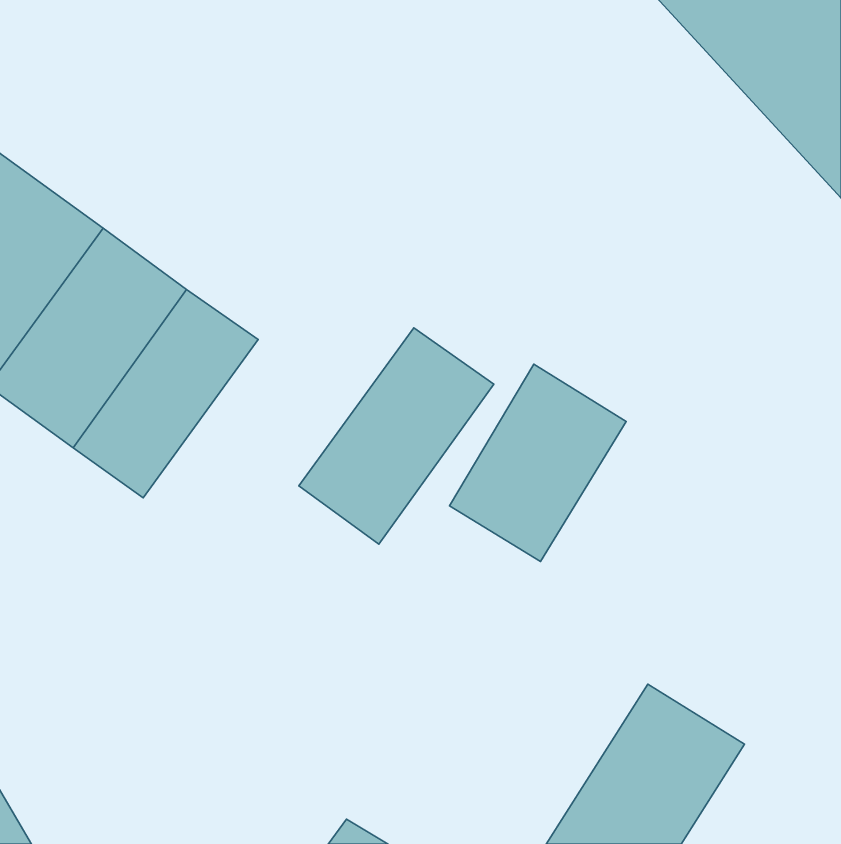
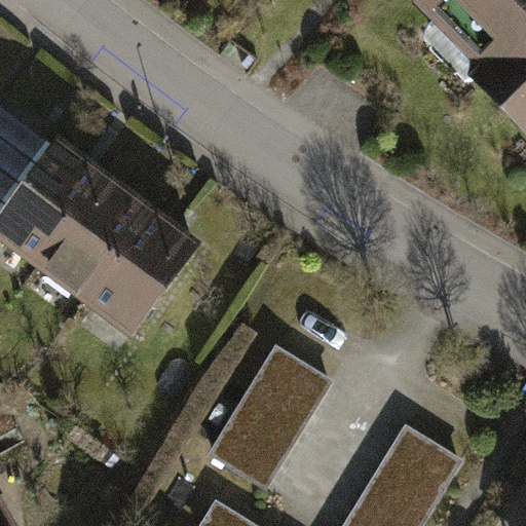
building: [299,328,494,544] -> [88,210,209,343]
building: [449,364,626,561] -> none
building: none -> [208,346,335,492]

